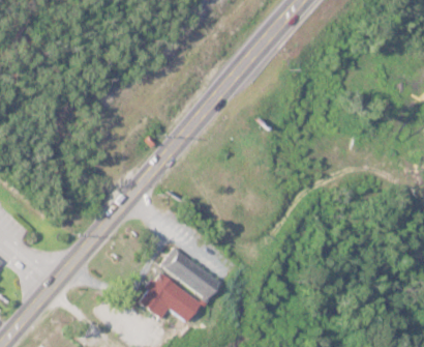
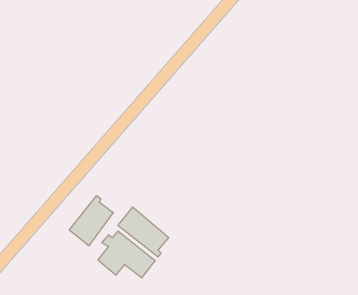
building: none -> [69,196,113,246]

